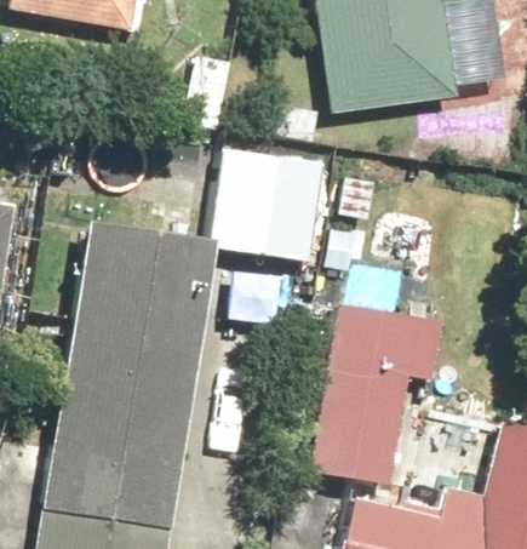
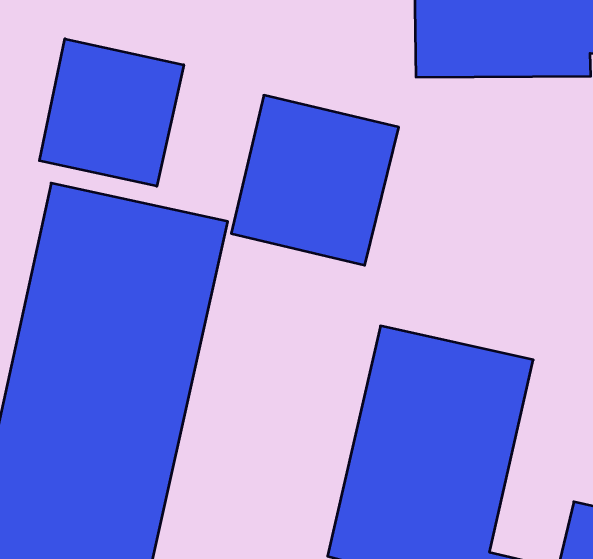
building: none -> [39,39,184,186]

